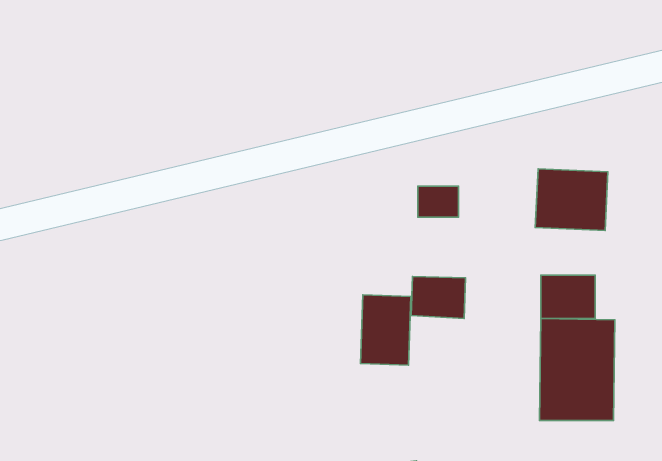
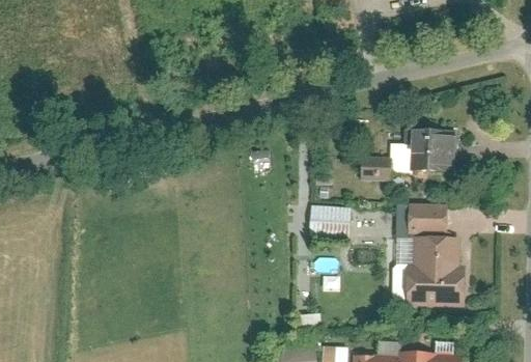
building: [418,186,458,217] -> [362,158,392,180]
building: [361,295,411,365] -> none

